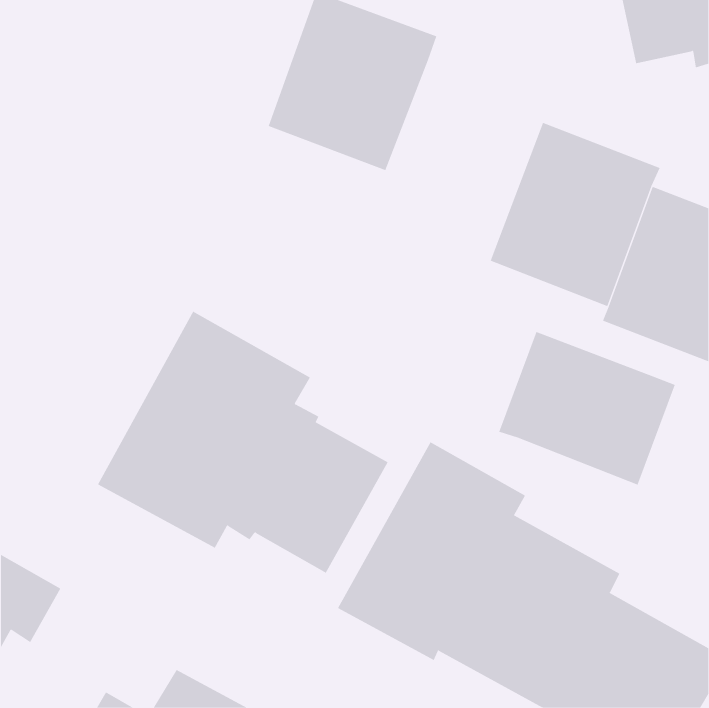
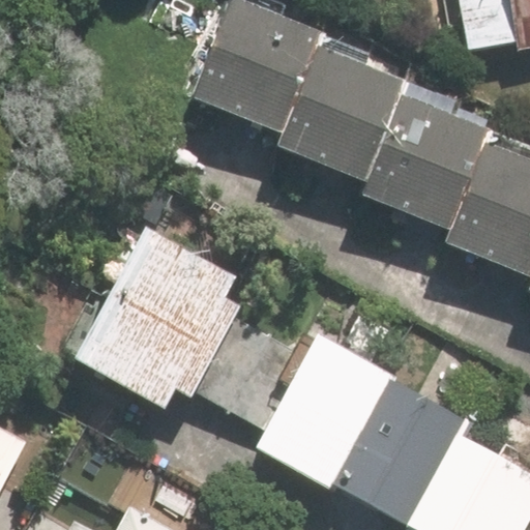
building: none -> [283,45,409,178]
building: [498,331,676,486] -> none

